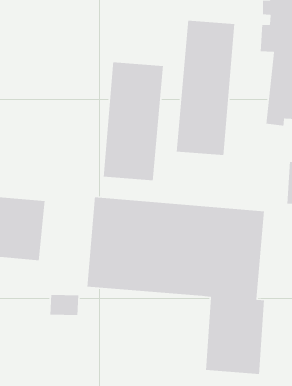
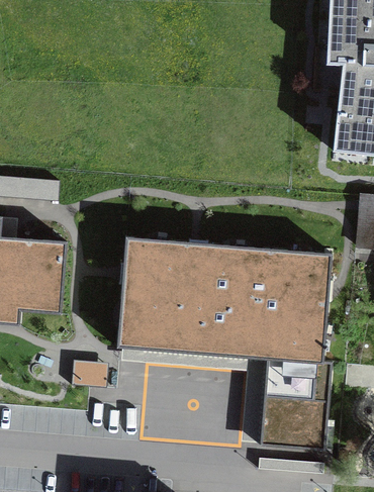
building: [176,20,235,156] -> none
building: [103,62,164,181] -> none

